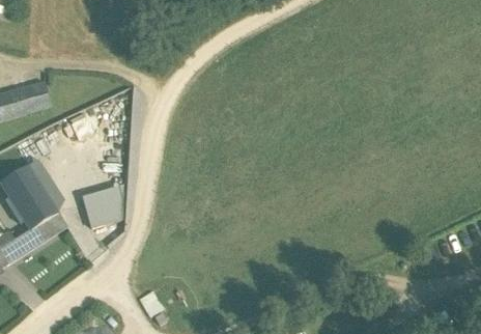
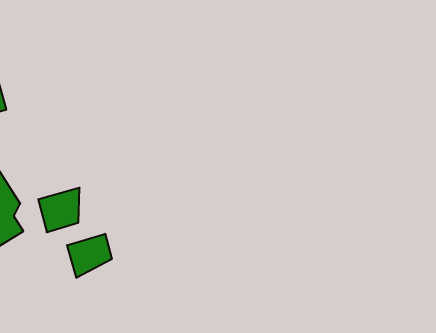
building: none -> [67,234,112,278]

